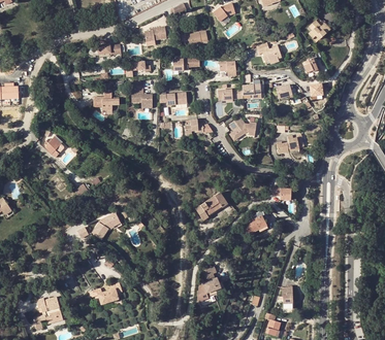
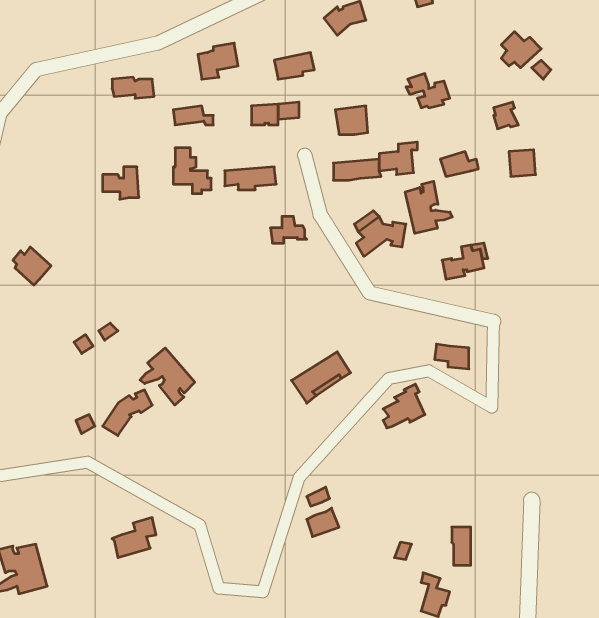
building: none -> [405,181,452,233]
building: none -> [140,348,195,405]

